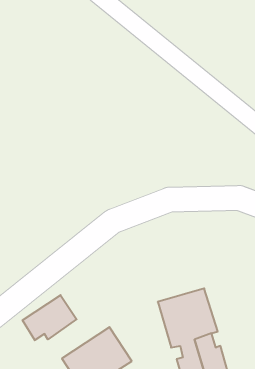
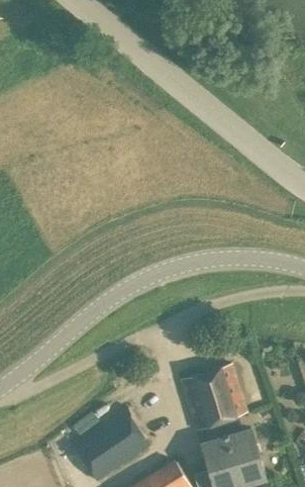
building: [23,295,77,340] -> none

